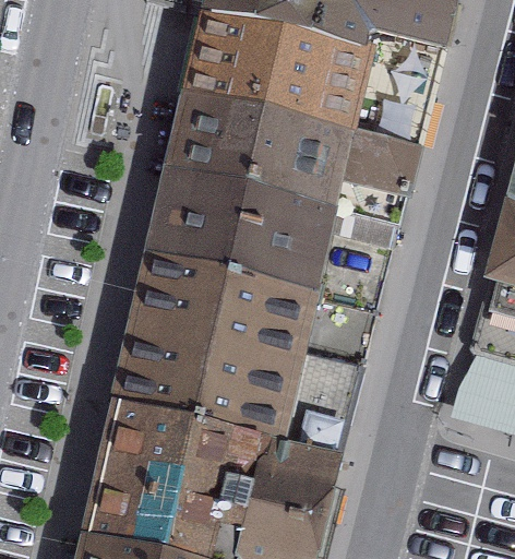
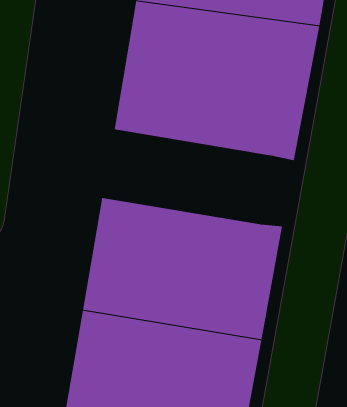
building: [144,179,361,309] -> none

